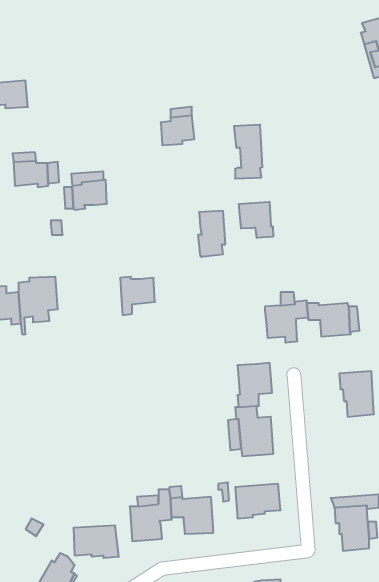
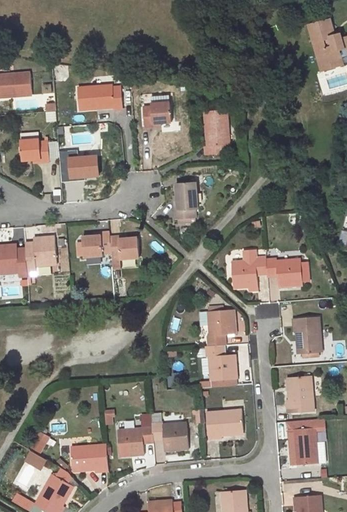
building: none -> [77,86,122,110]
building: [239,202,273,238] -> none
building: none -> [75,233,110,257]
building: none -> [286,375,314,414]

